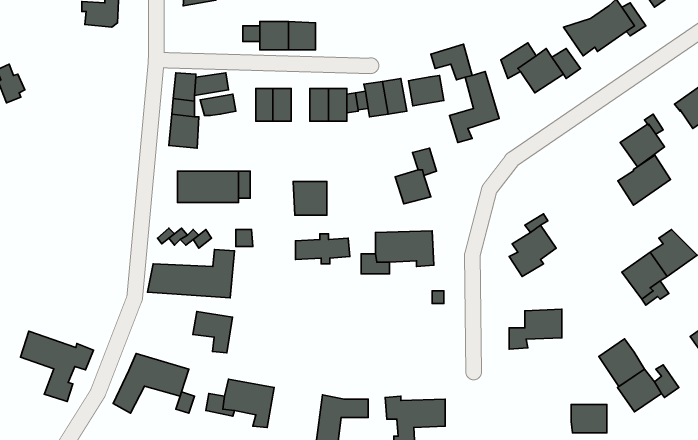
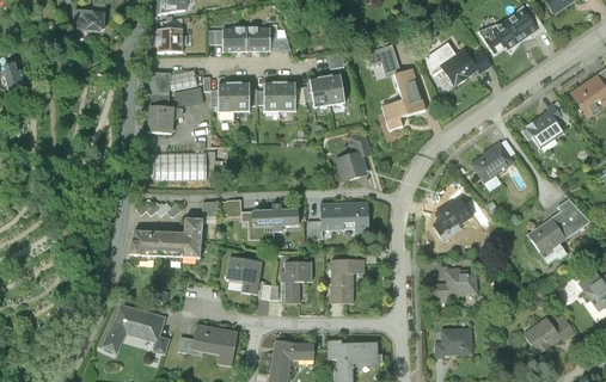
building: none -> [157,27,182,50]
building: [408,75,444,106] -> none
building: [618,155,671,205] -> [467,141,512,183]
building: [293,182,327,215] -> none
building: none -> [281,260,312,302]
building: none -> [332,261,365,303]
building: [193,312,233,353] -> [227,257,261,291]
building: [21,331,93,401] -> none
building: [599,339,645,387] -> none
building: [571,404,607,433] -> [440,328,470,352]

